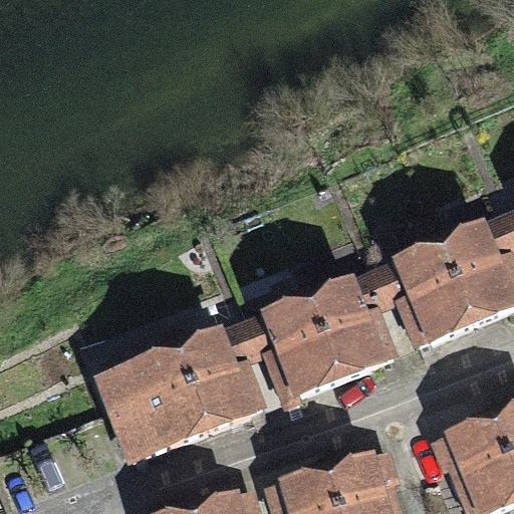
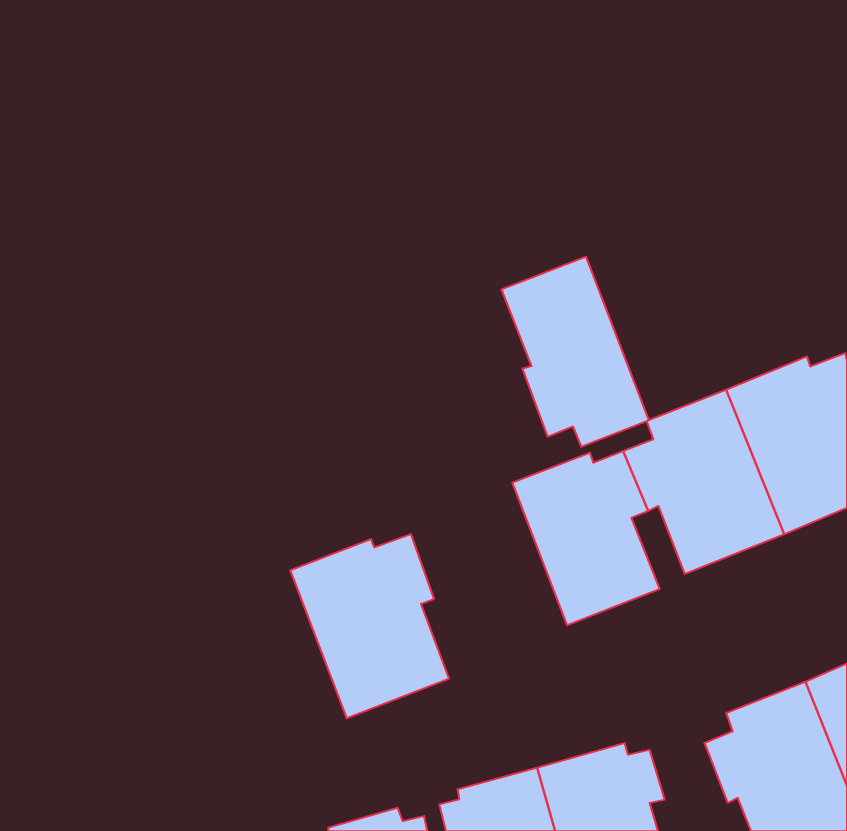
building: none -> [501,257,649,447]
building: [249,292,343,401] -> none
building: [94,345,210,466] -> none

